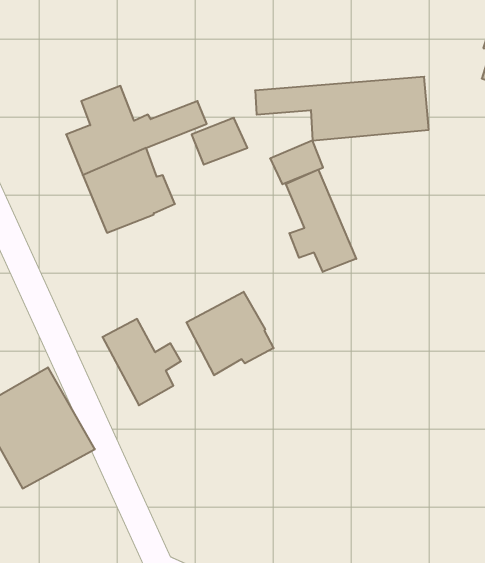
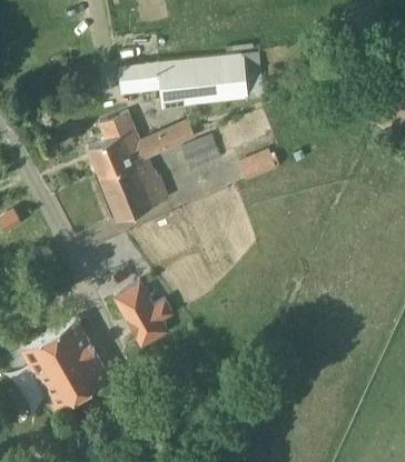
building: [255,77,429,140] -> [119,59,247,106]
building: [286,170,356,272] -> none
building: [186,292,274,375] -> none

